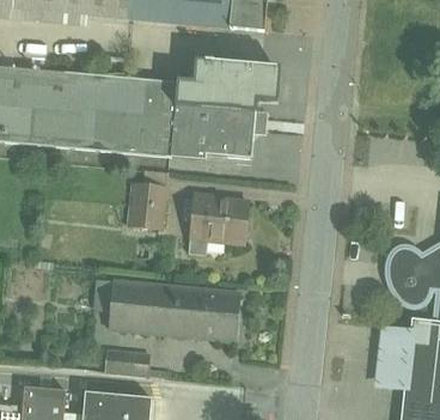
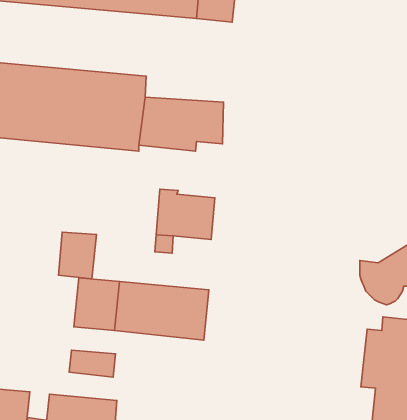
building: [181,48,281,109] -> none
building: [129,184,166,230] -> [59,232,97,279]

